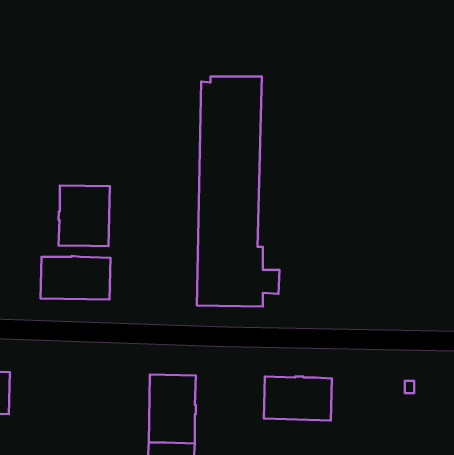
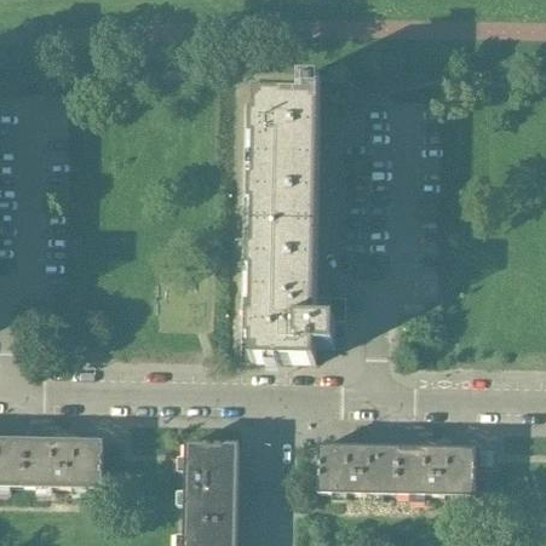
building: [58,185,110,246] -> none
building: [40,256,110,300] -> [23,436,104,487]
building: none -> [396,443,477,494]

